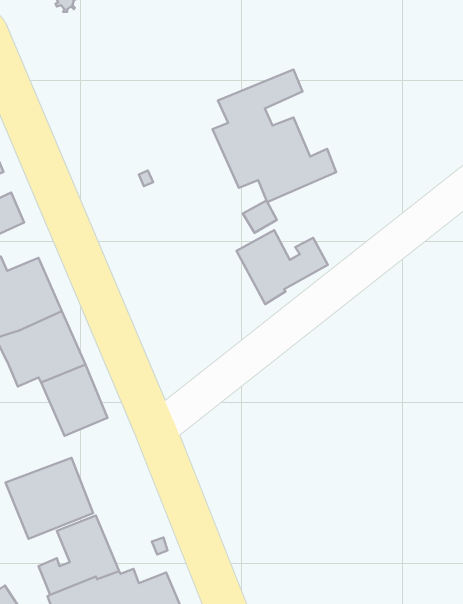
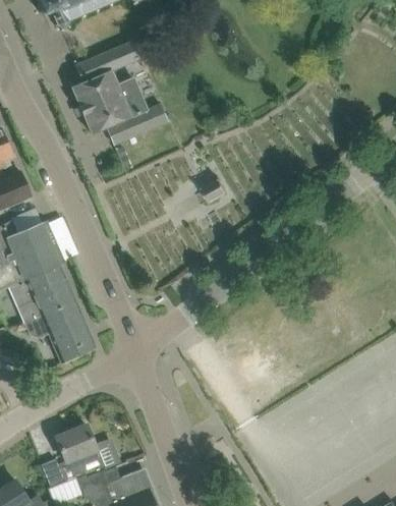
building: [213,69,336,202] -> [71,41,168,145]
building: [237,230,328,304] -> none
building: [6,458,93,539] -> none

